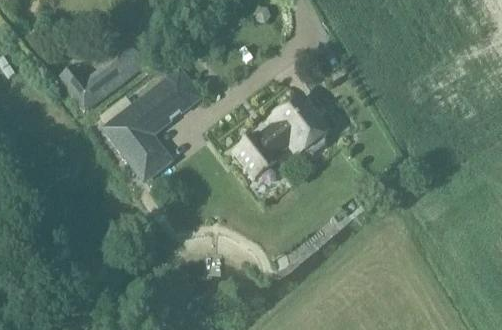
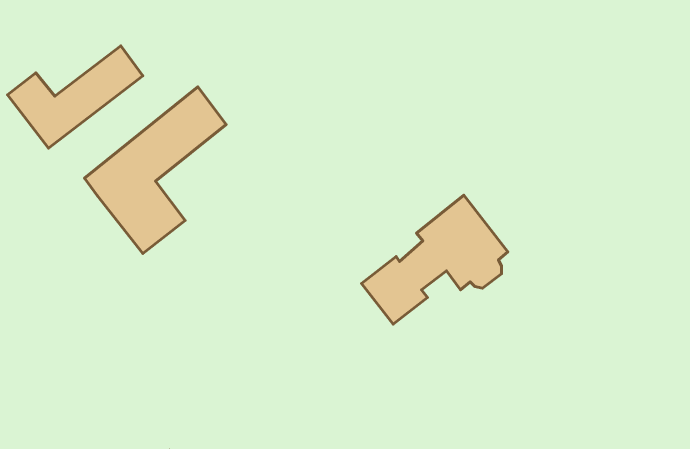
building: [233,94,326,176] -> [362,195,508,324]

